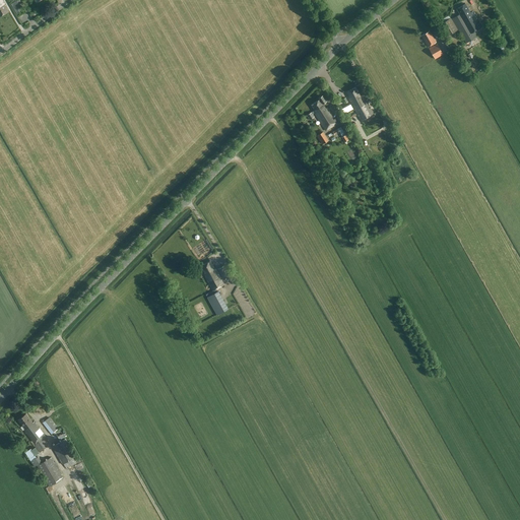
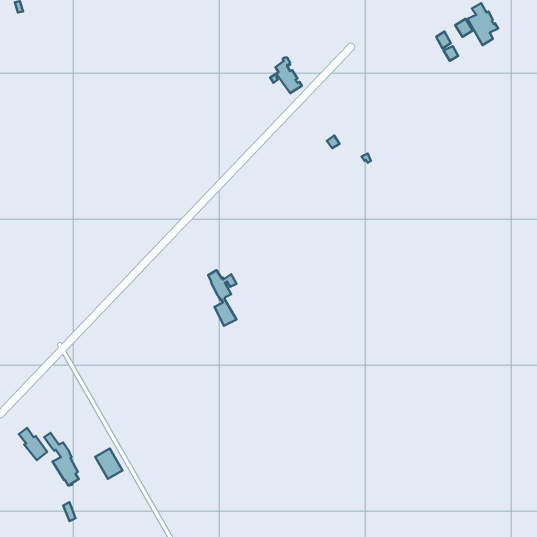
building: [347,82,374,120] -> none
building: [307,95,337,130] -> [270,58,302,93]
building: [37,457,63,486] -> [95,448,123,479]

